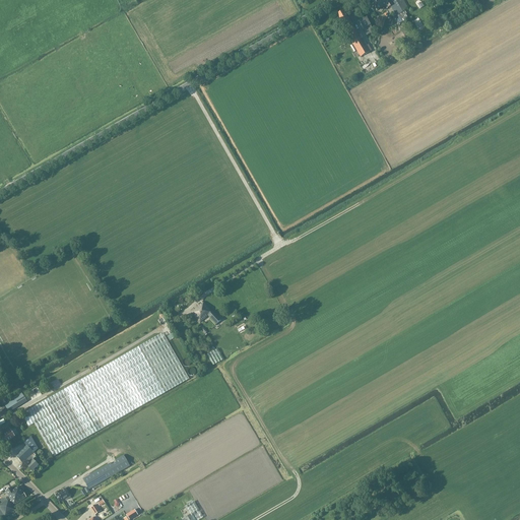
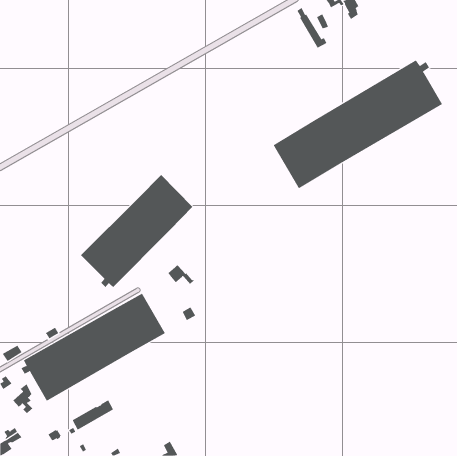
building: none -> [273,60,443,189]
building: none -> [80,174,193,288]

